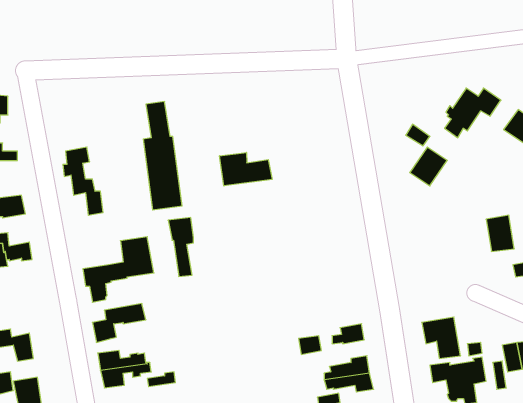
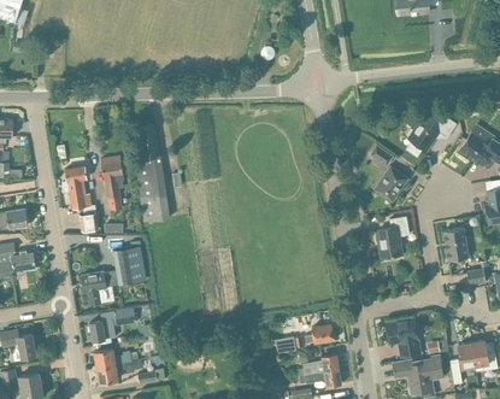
building: [220,152,272,186] -> none
building: none -> [378,217,410,262]
building: [168,218,193,276] -> [100,157,123,210]

